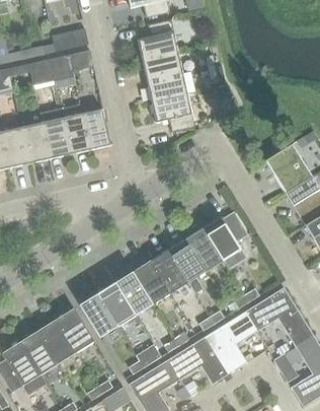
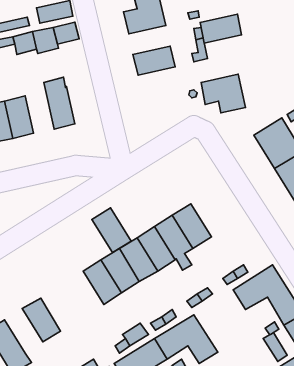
building: [142,53,182,81] -> [200,14,242,43]
building: [151,93,194,131] -> [201,74,246,113]
building: [39,109,69,158] -> none
building: [81,109,110,149] -> none
building: [203,211,247,269] -> none
building: [79,293,117,337] -> [92,208,131,253]
building: [56,307,94,352] -> none
building: [206,312,256,372] -> none
building: [20,330,58,373] -> none

